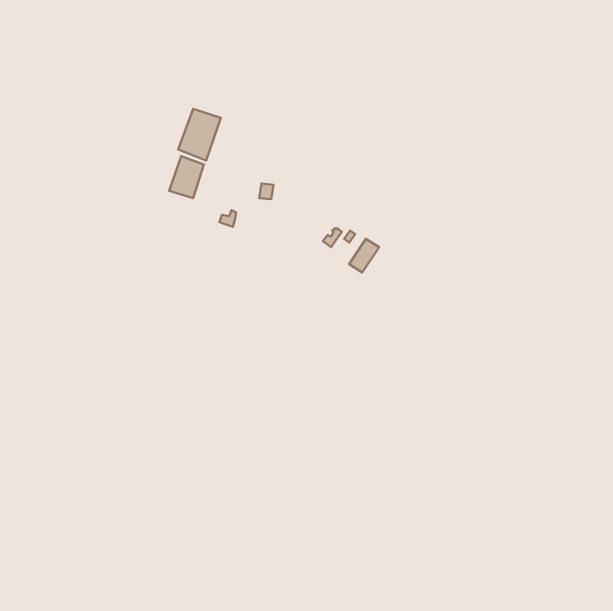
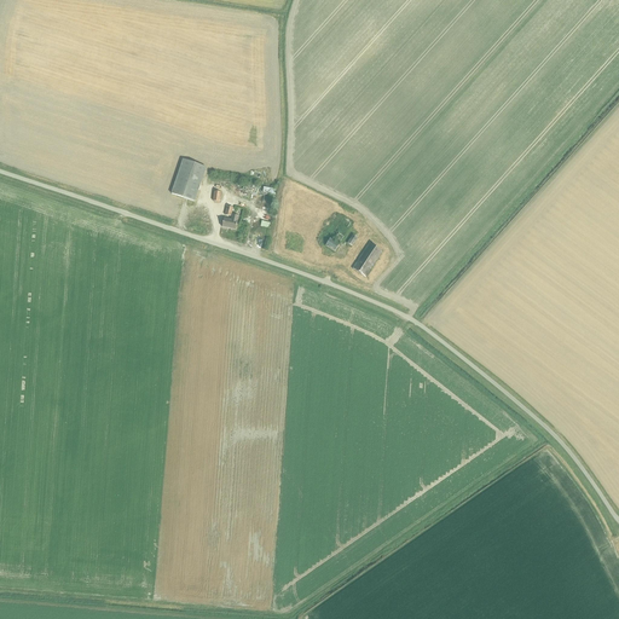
building: [178,109,221,160] -> none

